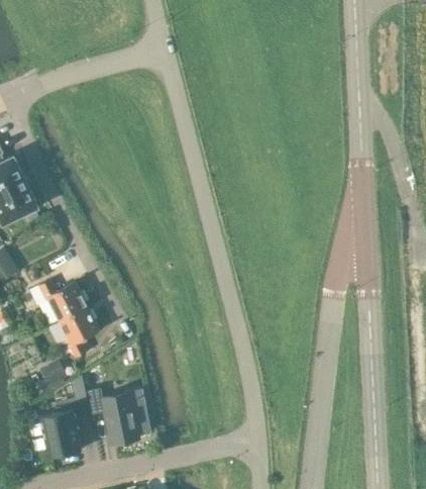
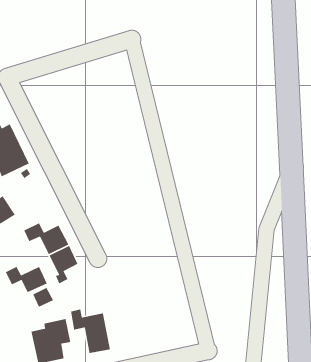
building: none -> [5,266,48,293]

